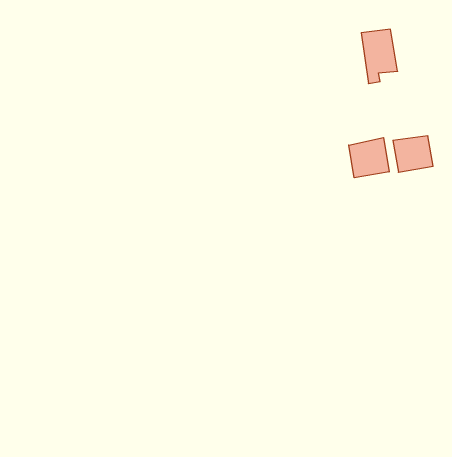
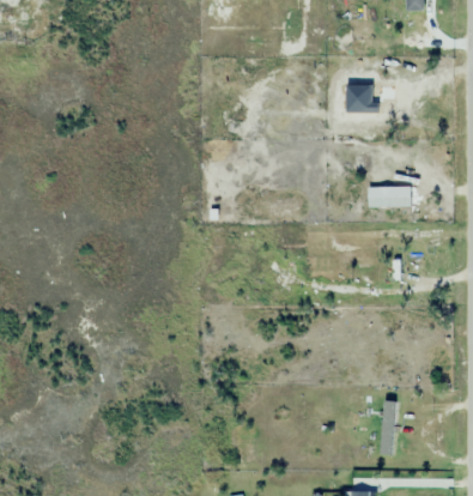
building: [349,138,389,178] -> none

